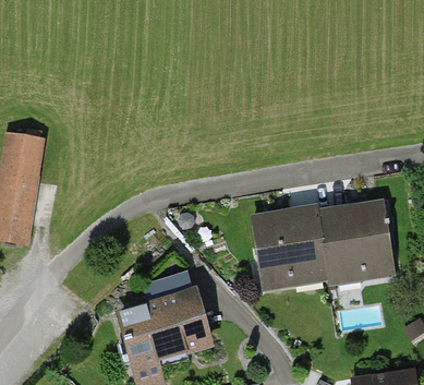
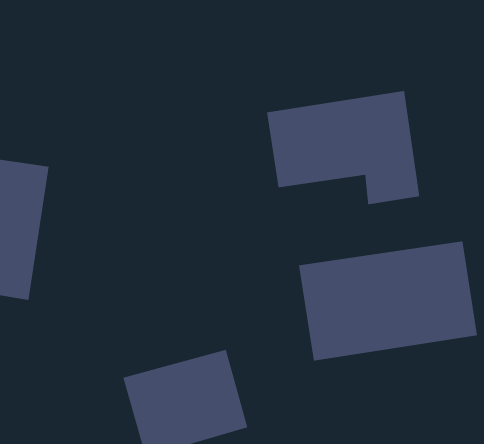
building: none -> [266,90,420,205]

